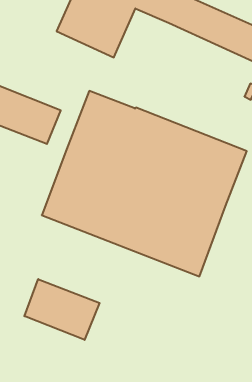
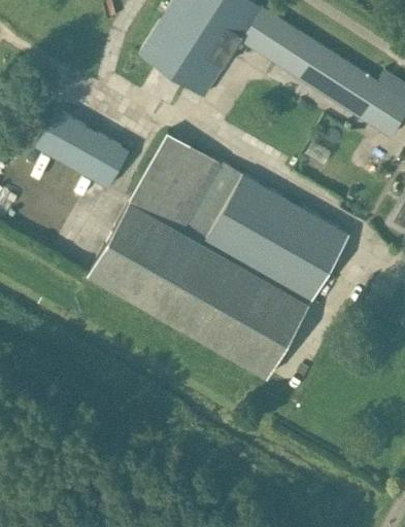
building: [24,279,100,340] -> none

